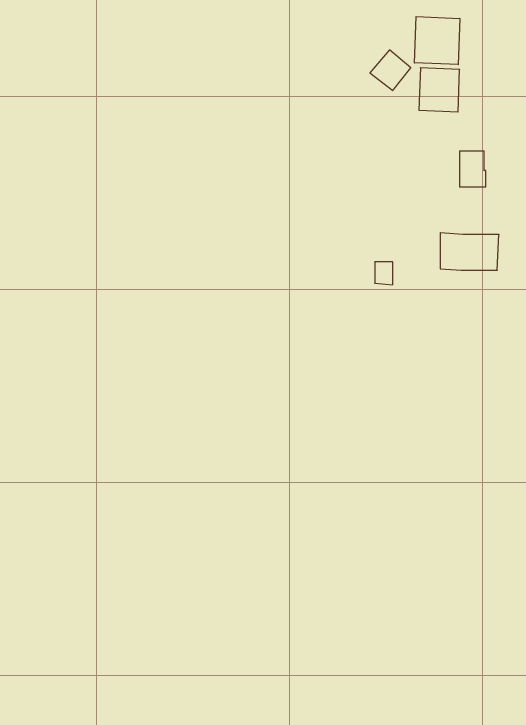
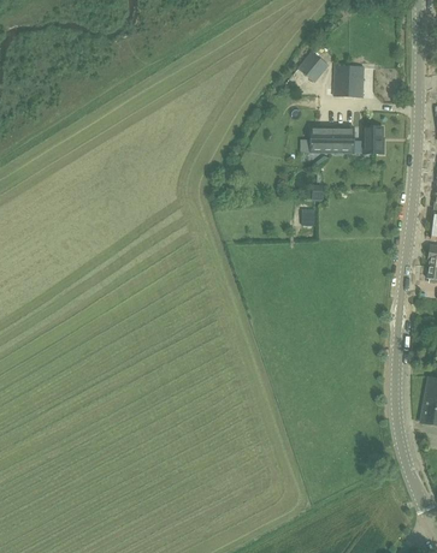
building: [414,17,460,65] -> none
building: [440,233,499,270] -> [309,125,353,153]

